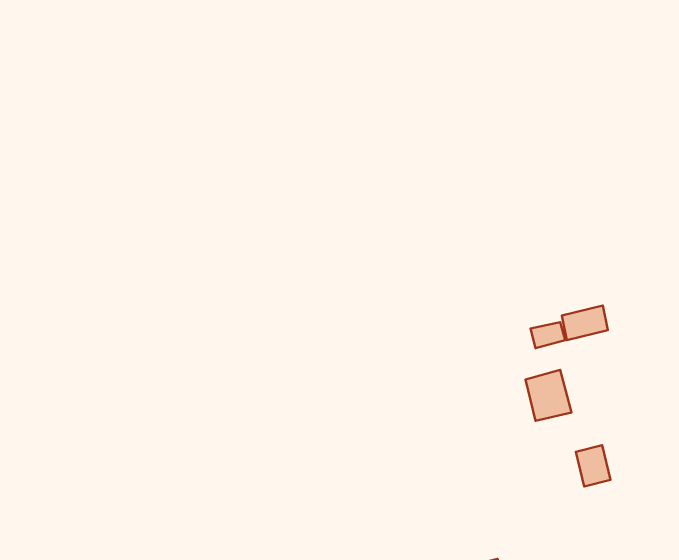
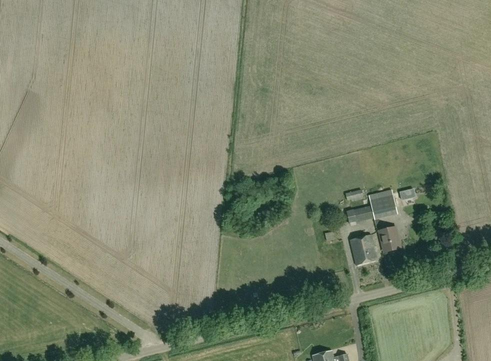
building: [576,445,610,486] -> [378,226,399,251]

